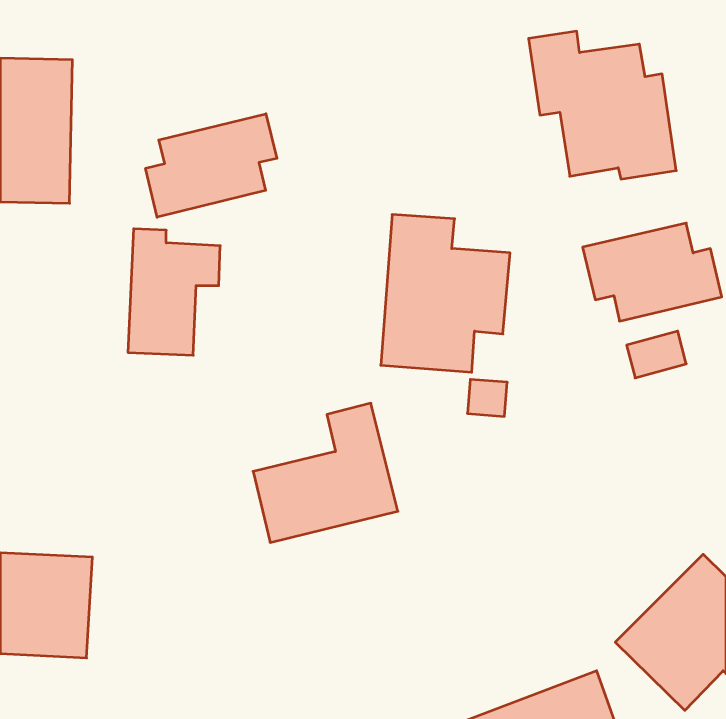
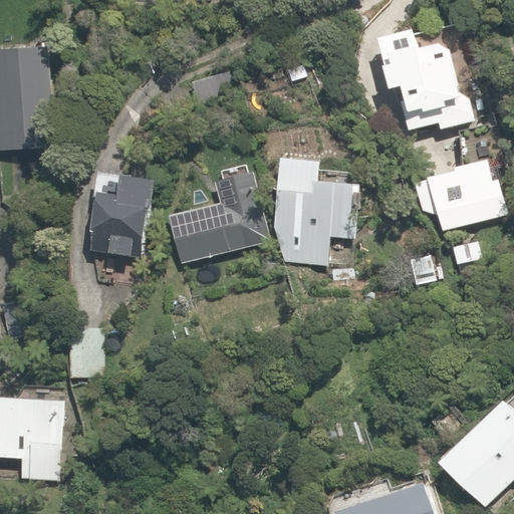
building: [146,114,277,217] -> none
building: [253,403,398,542] -> [167,171,269,269]

